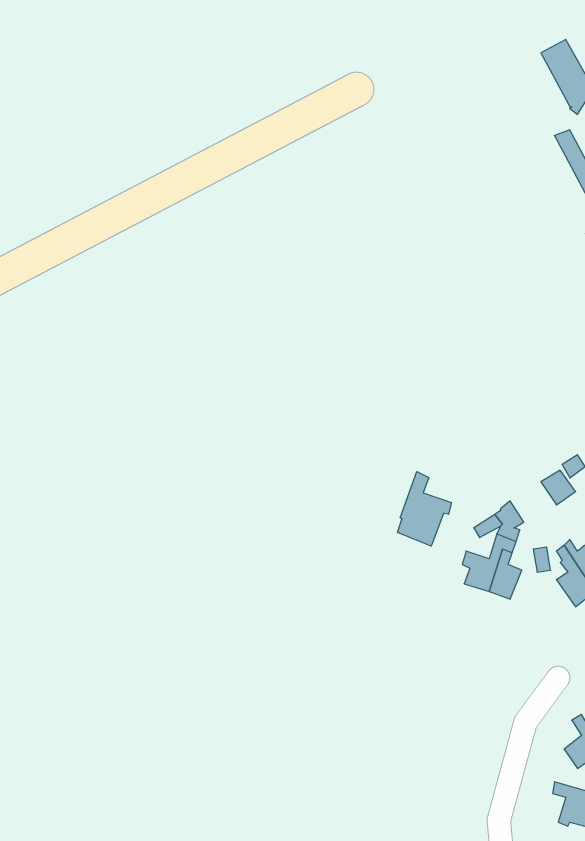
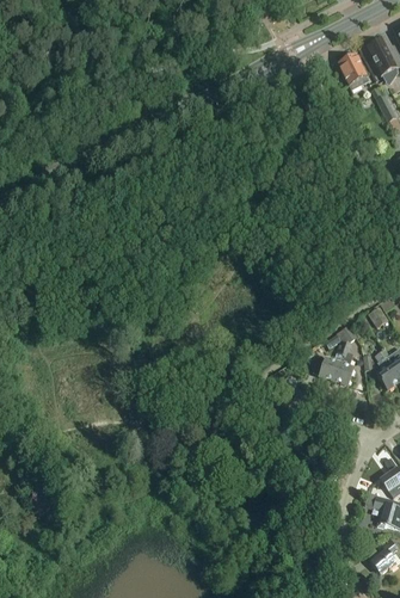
building: none -> [338,55,369,90]
building: [398,472,451,546] -> none

